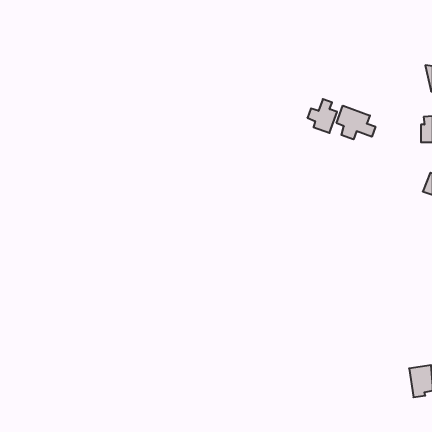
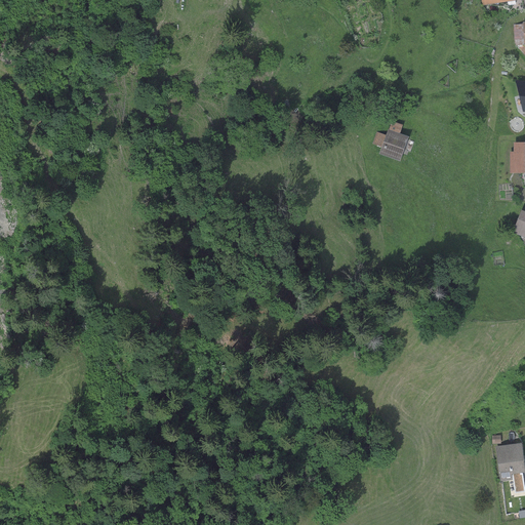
building: [337,106,375,139] -> none

